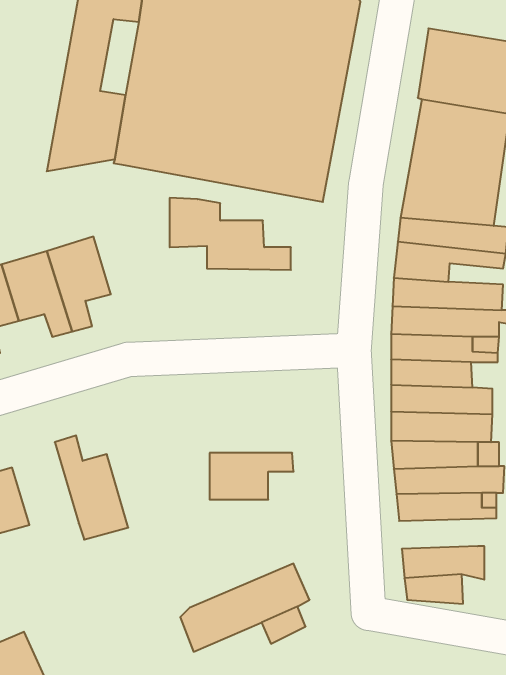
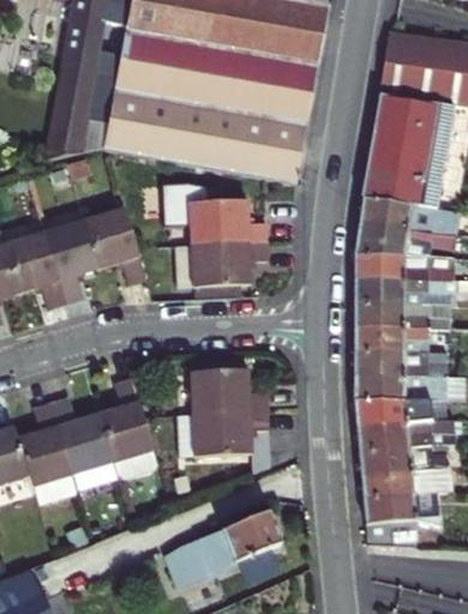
building: none -> [88,204,151,282]
building: none -> [172,245,265,287]
building: none -> [192,367,266,410]
building: none -> [100,378,157,482]
building: none -> [18,401,74,486]
building: none -> [362,469,451,496]

